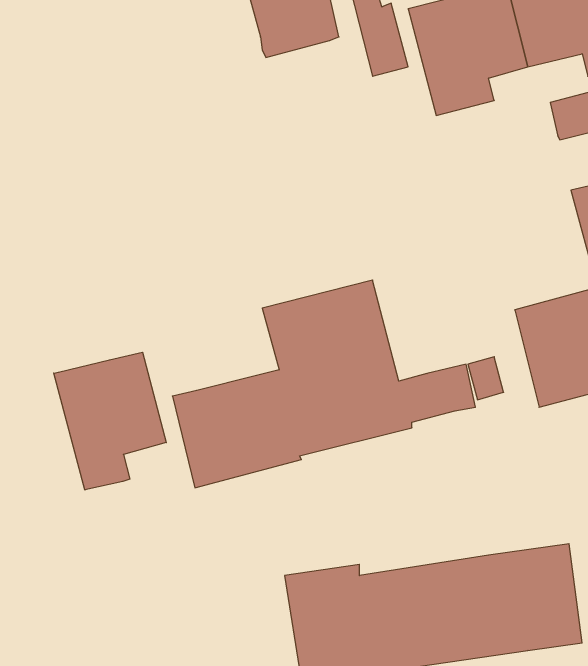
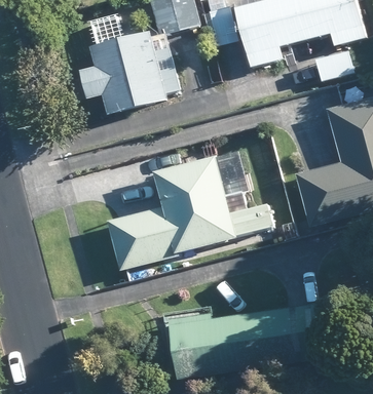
building: none -> [81,31,179,114]
building: [54,352,166,490] -> none

